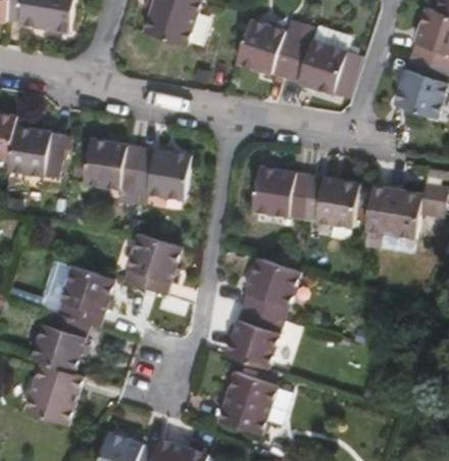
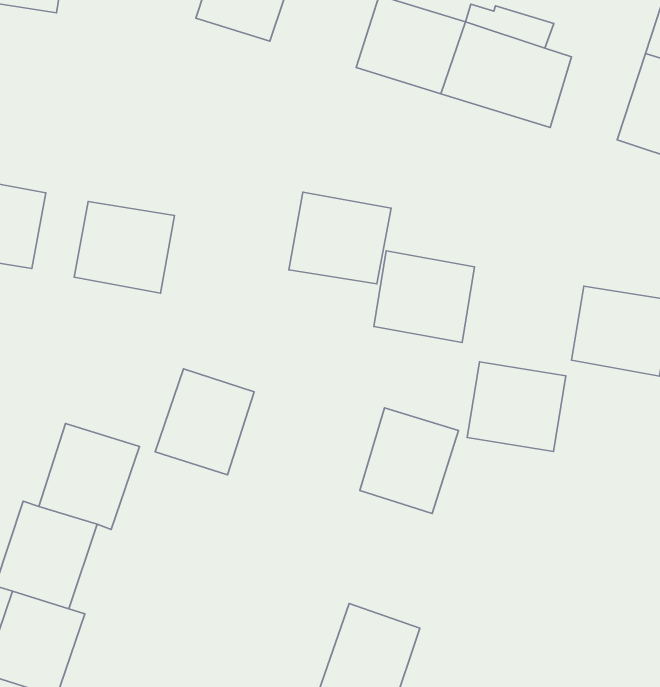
building: [127,146,186,199] -> [289,192,391,284]
building: [301,176,358,228] -> [467,362,566,452]
building: [227,306,284,368] -> none

